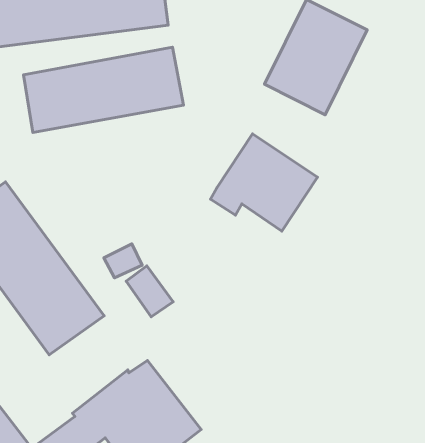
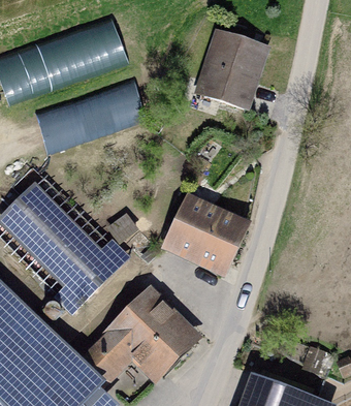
building: [210,134,317,231] -> [171,201,242,264]

